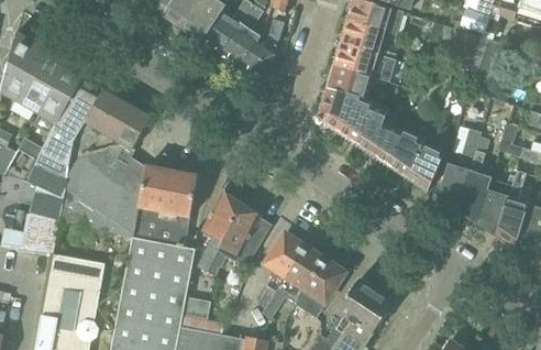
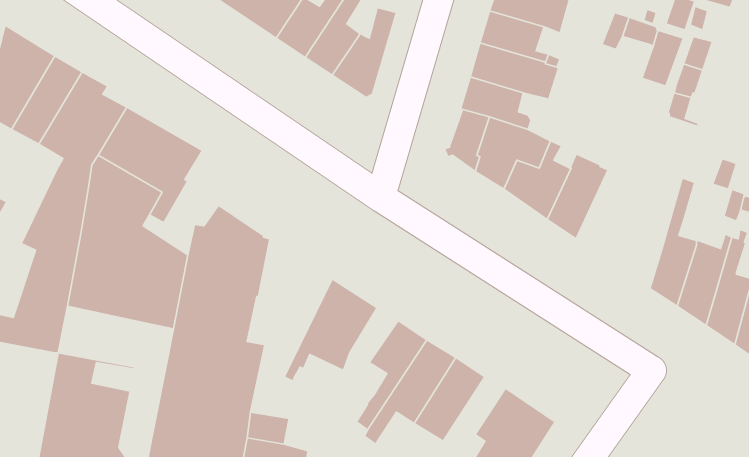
building: [437,128,481,211] -> none
building: [407,130,444,190] -> none
building: [196,193,240,272] -> none

